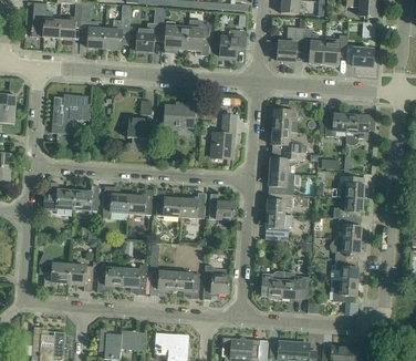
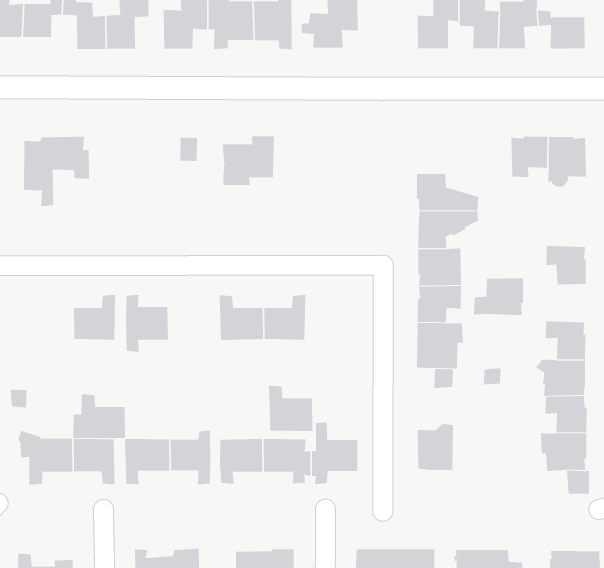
building: [272,109,298,132] -> none
building: [211,114,237,158] -> none
building: [127,115,149,149] -> none
building: [44,182,75,208] -> [72,394,126,438]
building: [127,188,153,214] -> none
building: [209,193,235,220] -> [268,385,313,432]
building: [333,197,363,219] -> [473,278,524,315]
building: [281,271,310,298] -> none

